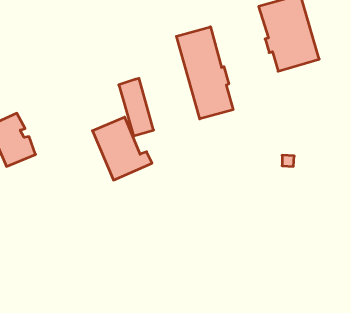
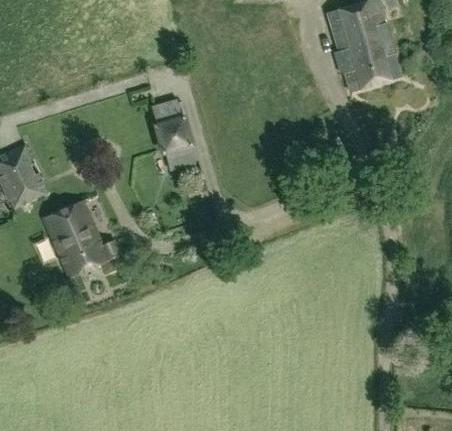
building: [176,27,233,119] -> none
building: [92,117,152,180] -> [44,199,118,277]

